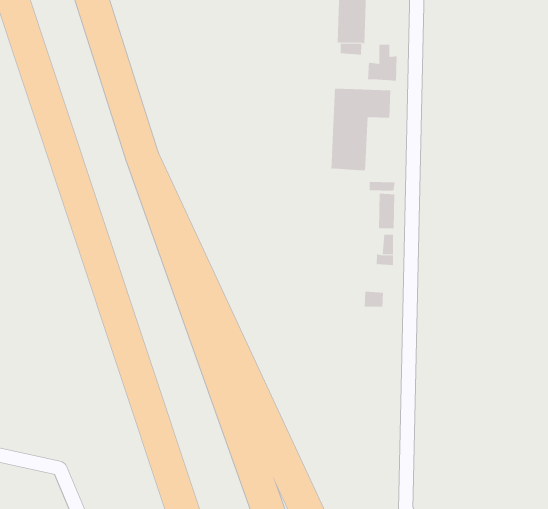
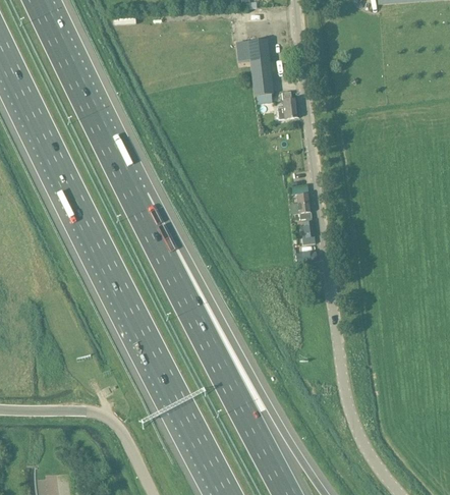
building: [331,88,391,171] -> none

